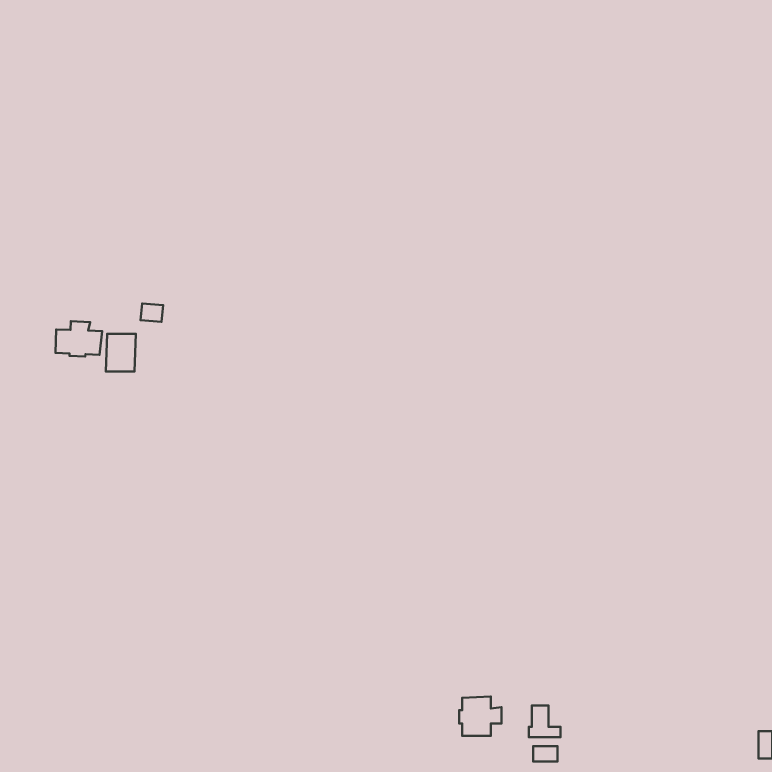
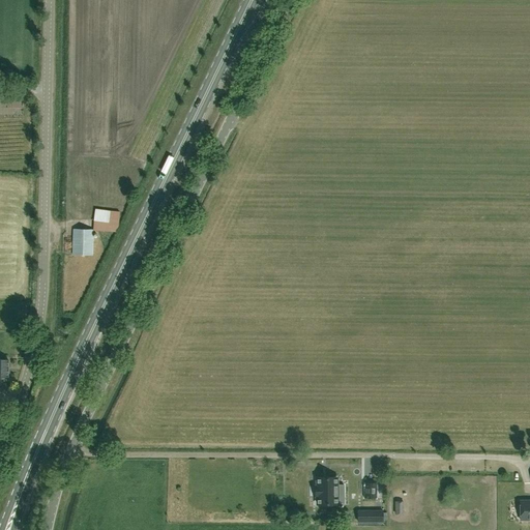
building: [55,321,102,357] -> none

